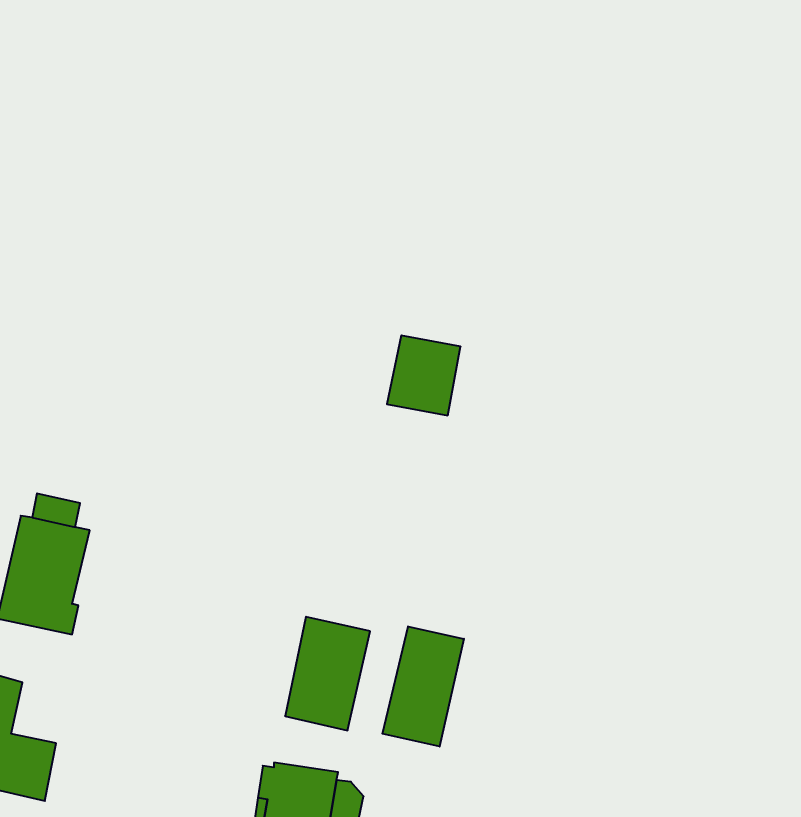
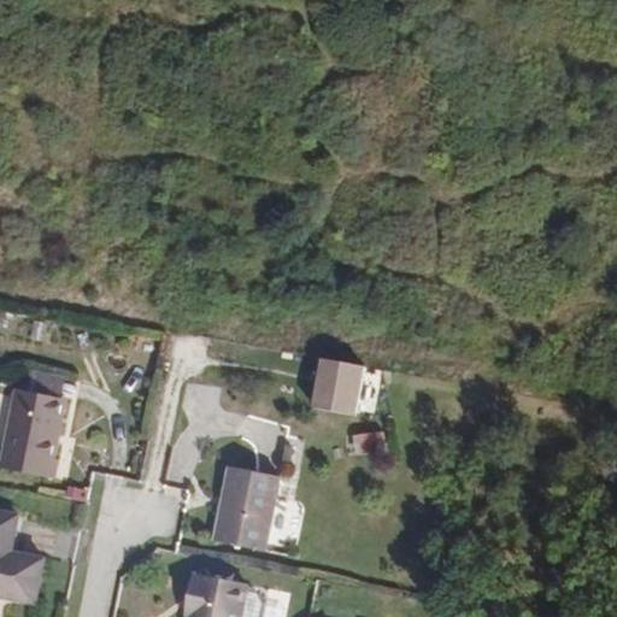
building: [387,335,461,415] -> [301,357,357,417]
building: [382,626,464,747] -> none

